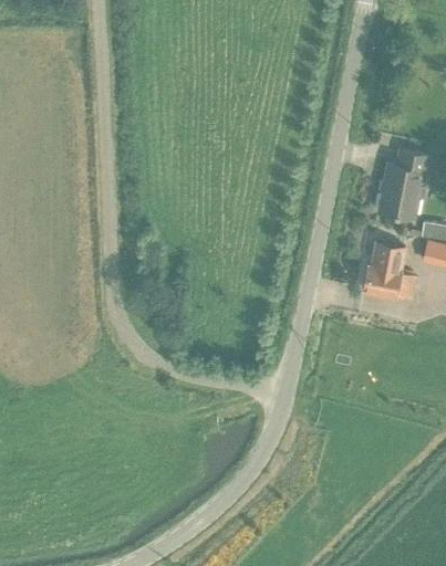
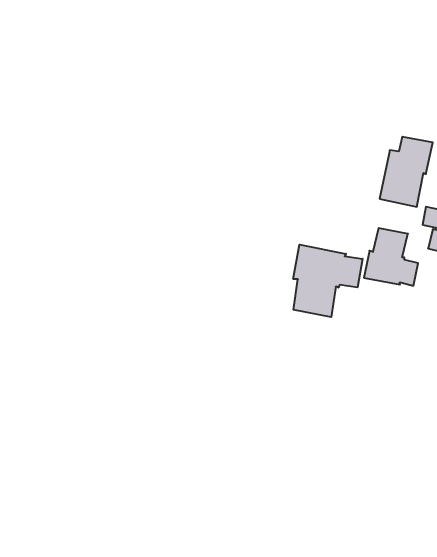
building: none -> [293,245,363,317]

